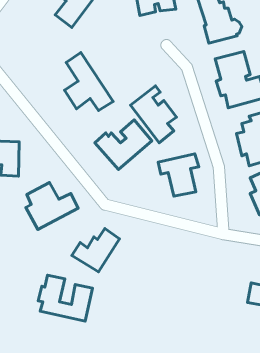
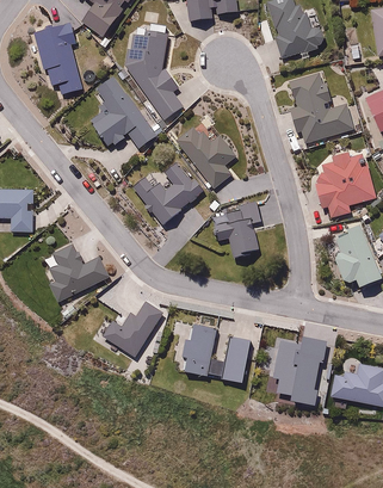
building: none -> [32,26,80,97]
building: none -> [126,27,184,122]
building: none -> [271,334,322,402]
building: [38,275,93,321] -> [183,323,253,383]

